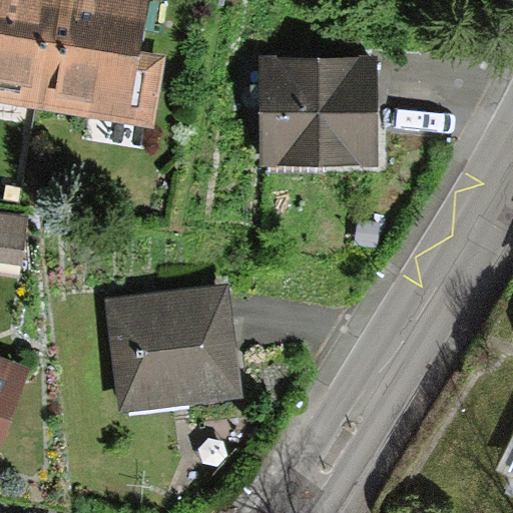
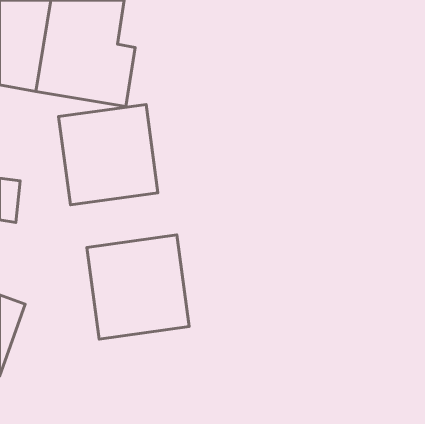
building: [263,49,381,155] -> none
building: none -> [59,105,158,205]

